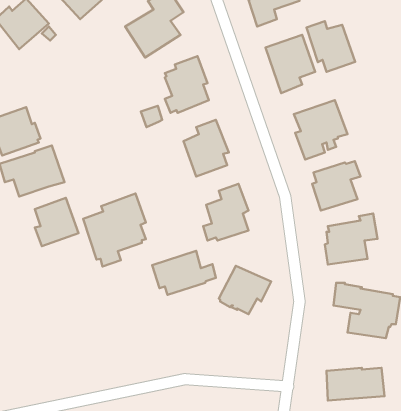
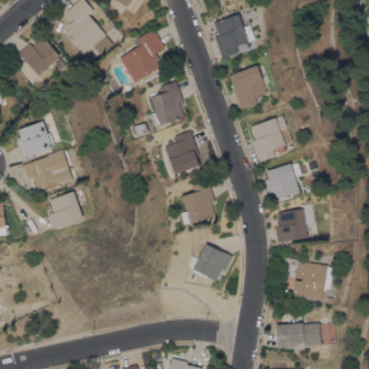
building: [307,21,355,72] -> none
building: [83,194,146,267] -> none
building: [152,251,216,295] -> none

